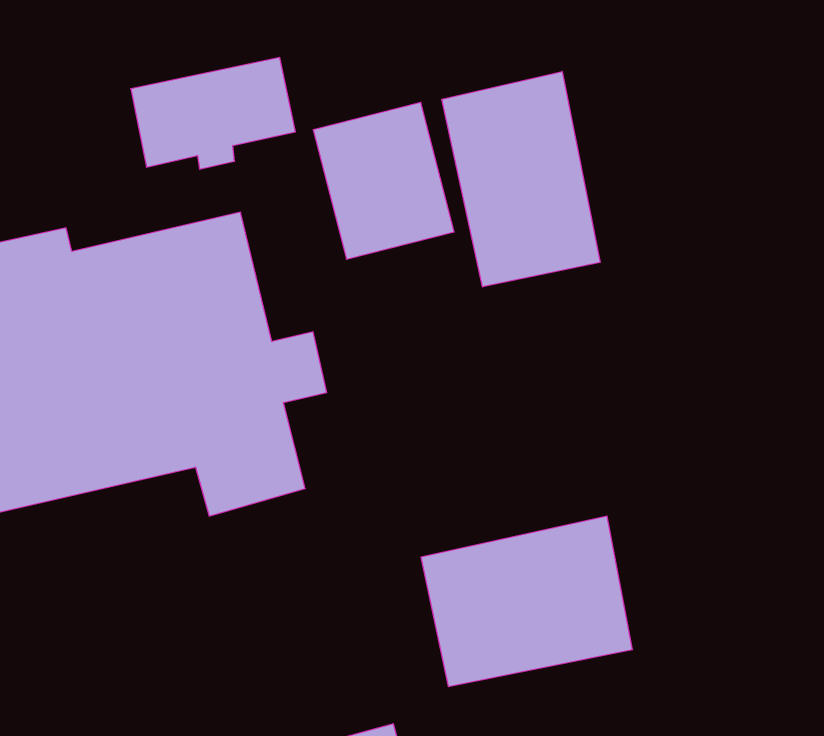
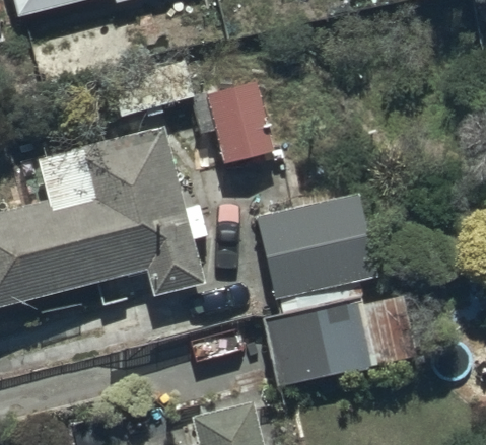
building: [442,71,600,287] -> none
building: none -> [258,196,376,299]

